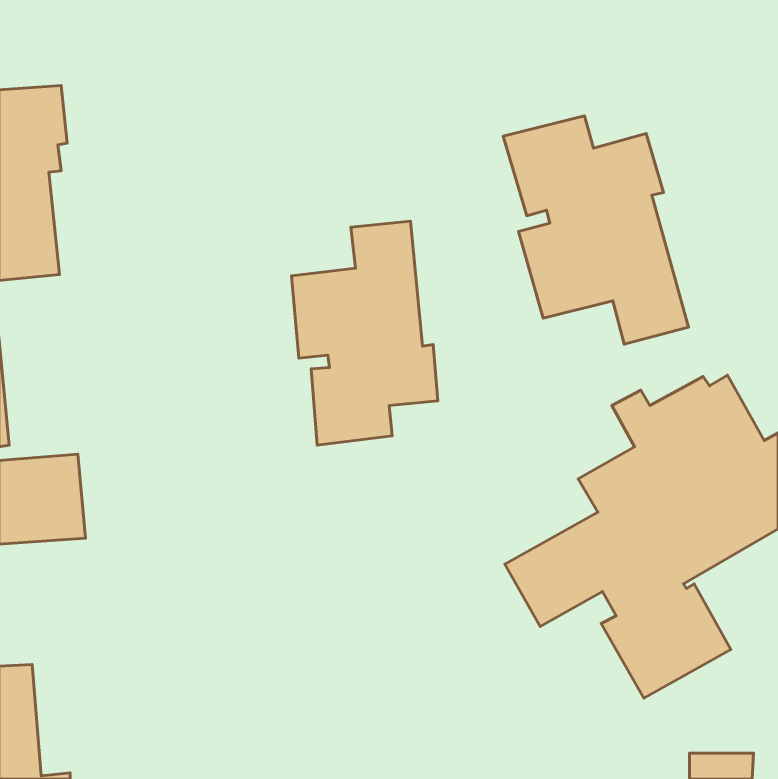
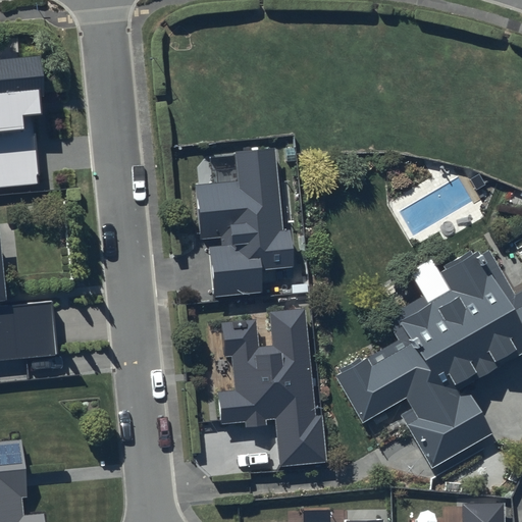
building: [503,116,688,344] -> none
building: none -> [217,309,326,466]

